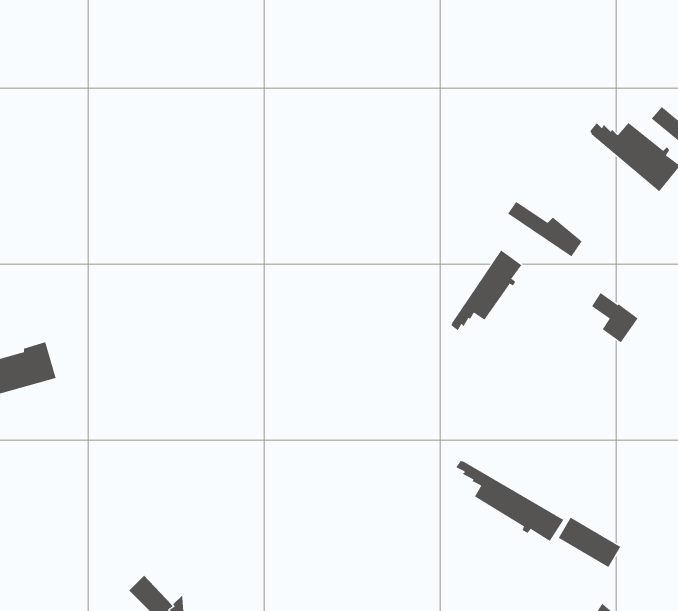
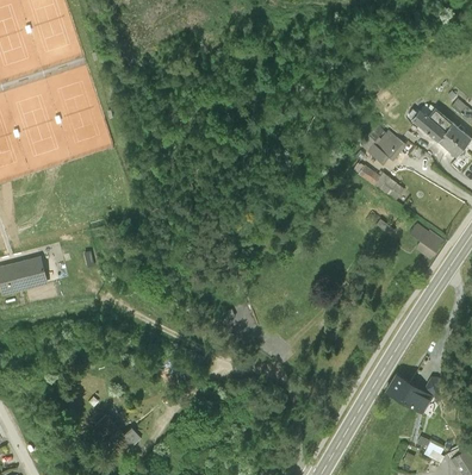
building: none -> [366,131,404,164]
building: [451,249,522,331] -> none
building: [456,460,564,542] -> none

